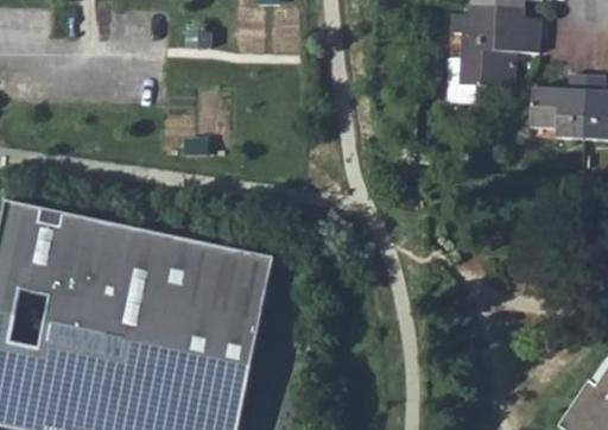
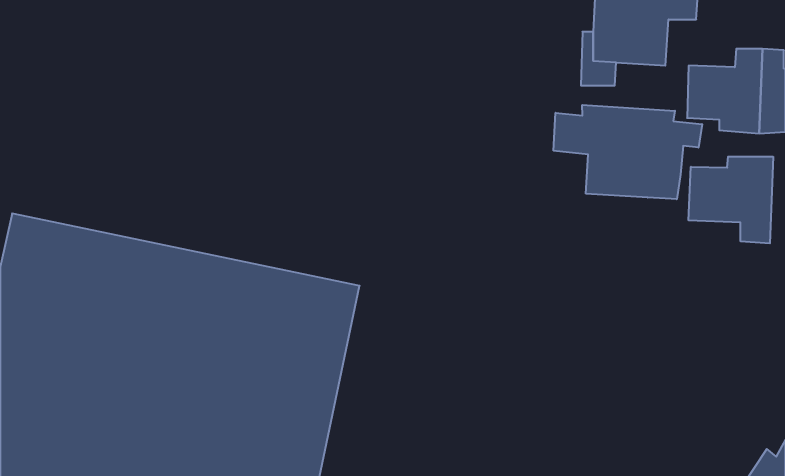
building: none -> [554,105,702,199]
building: none -> [689,157,773,243]

